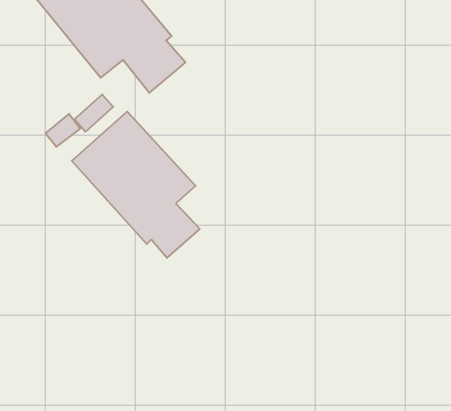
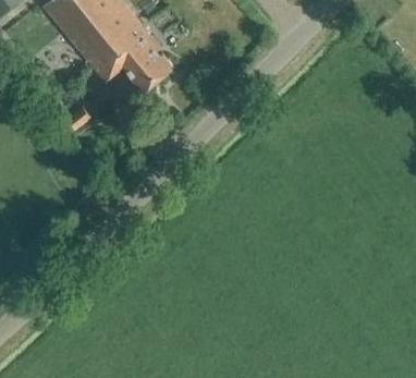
building: [72,112,200,258] -> none

